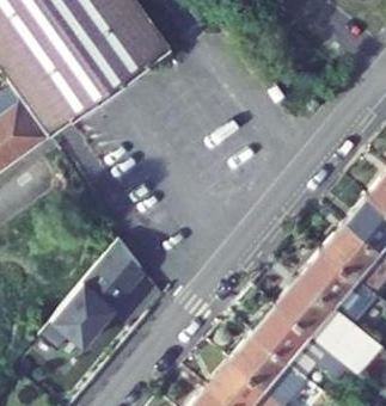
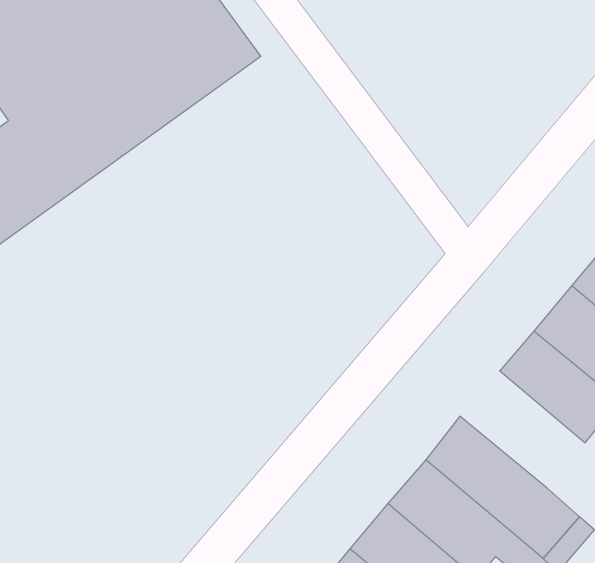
building: [39,240,141,350] -> none
building: [296,247,375,321] -> none

